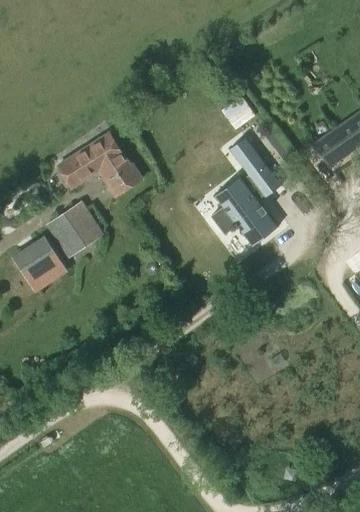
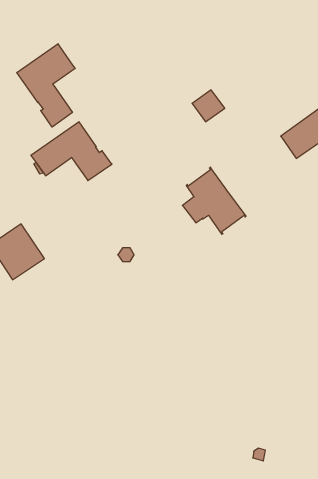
building: none -> [17,44,75,127]
building: [230,137,282,197] -> none
building: [46,201,105,258] -> none

